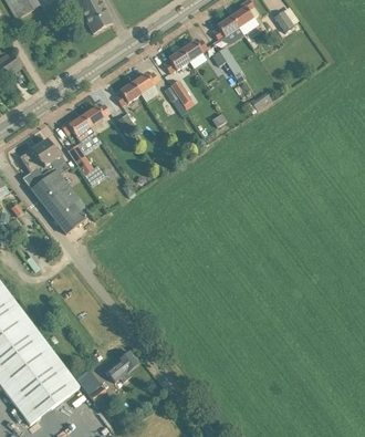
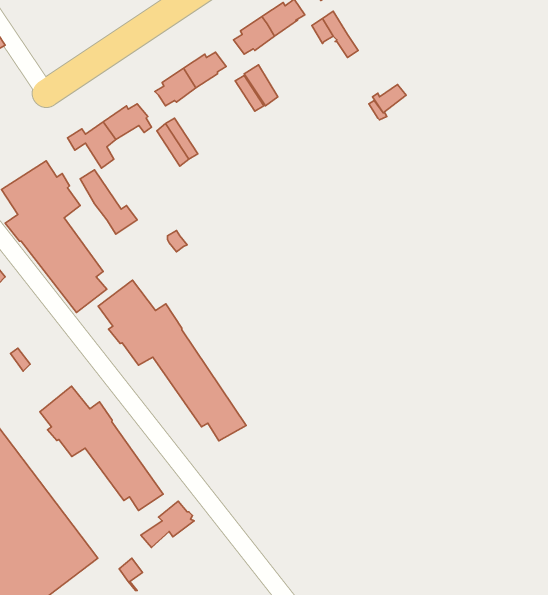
building: none -> [98,280,246,441]
building: none -> [40,386,163,510]

